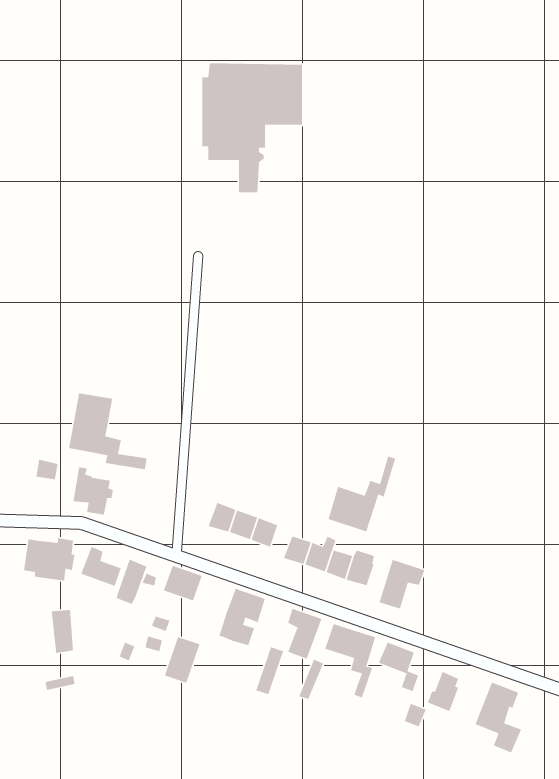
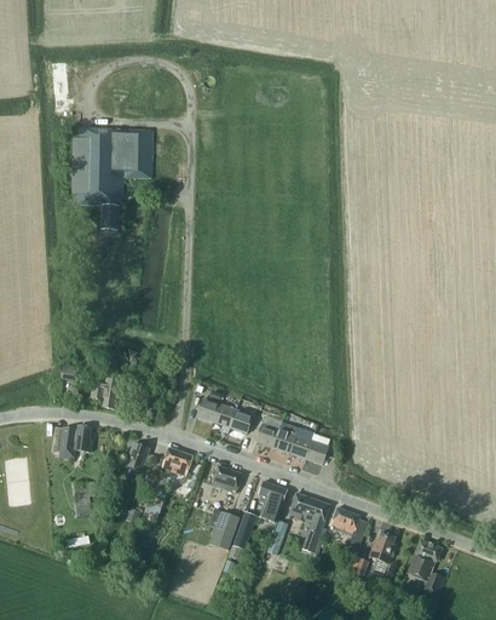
building: [201,63,303,193] -> [73,127,152,230]
building: [68,393,147,470] -> none
building: [328,456,396,532] -> none
building: [80,546,122,587] -> none
building: [378,559,425,609] -> none
building: [164,636,201,684] -> [209,511,238,549]

